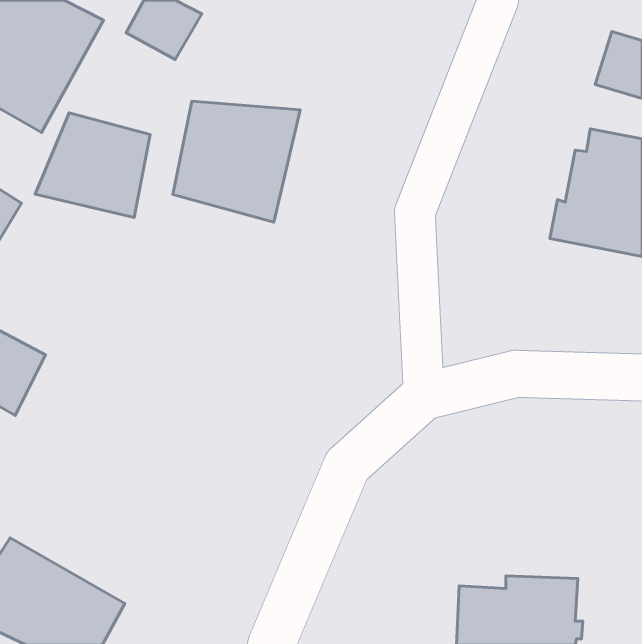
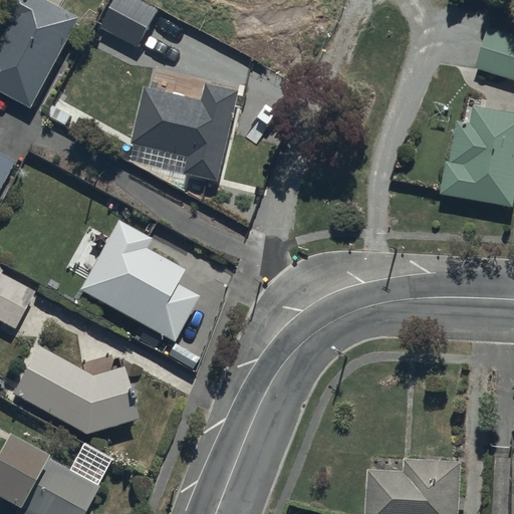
building: [35,113,150,217] -> none
building: none -> [81,225,196,337]
building: none -> [13,348,141,440]

